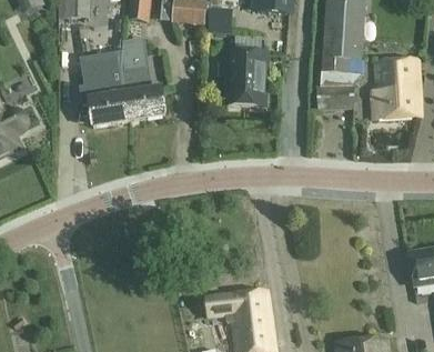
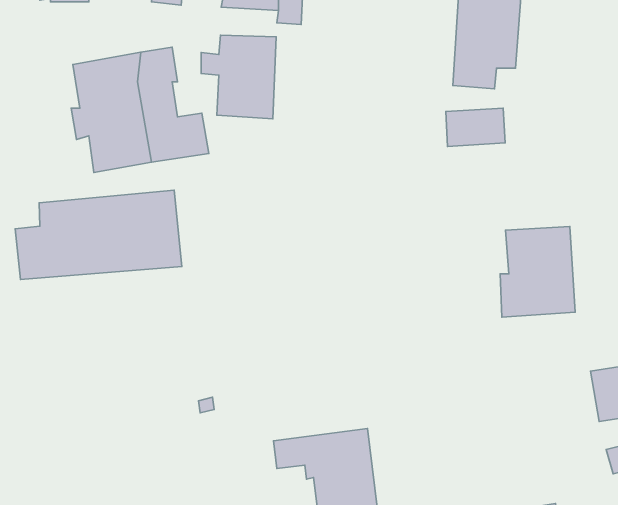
building: [219,51,266,104] -> [201,35,276,119]
building: [373,58,421,115] -> [500,227,575,317]
building: none -> [15,190,182,280]

